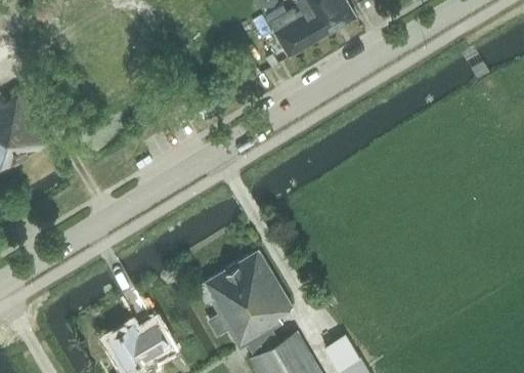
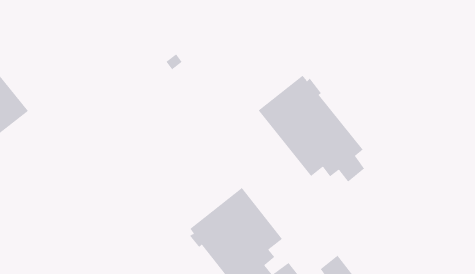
building: none -> [258,75,365,182]

